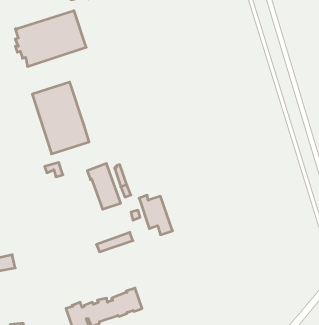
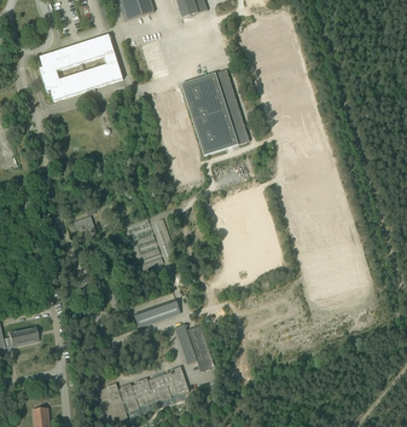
building: [32,82,89,154] -> [181,70,249,156]
building: [139,195,173,235] -> [175,324,215,371]

